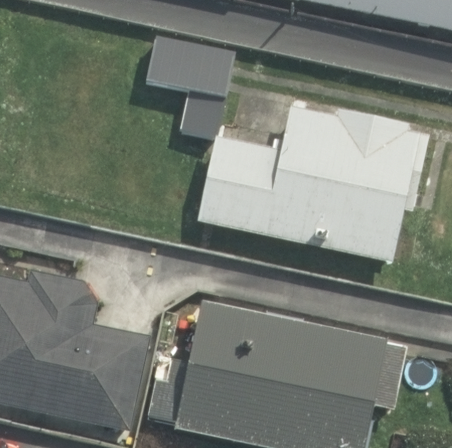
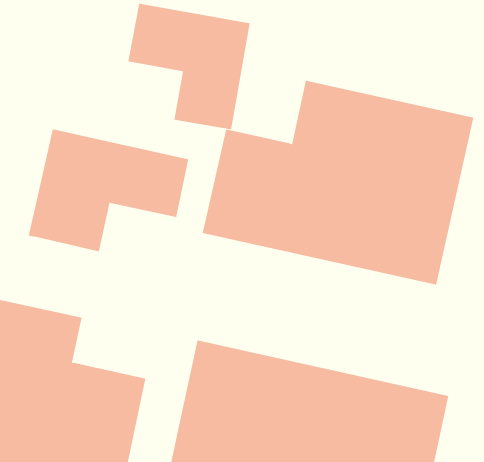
building: none -> [28,129,189,252]

